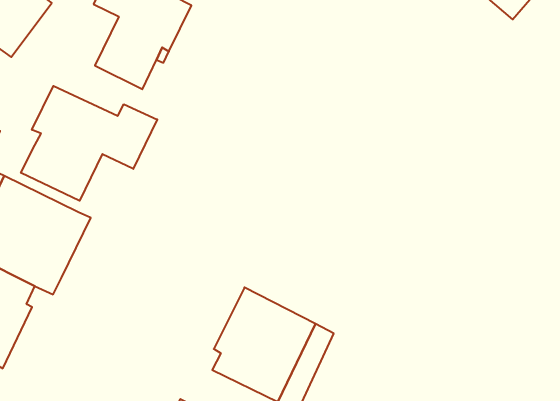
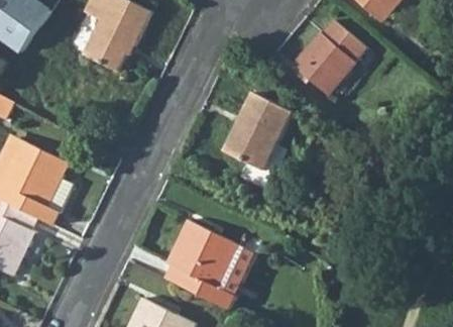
building: none -> [291,22,365,97]
building: [21,86,157,201] -> none
building: none -> [223,89,297,172]

